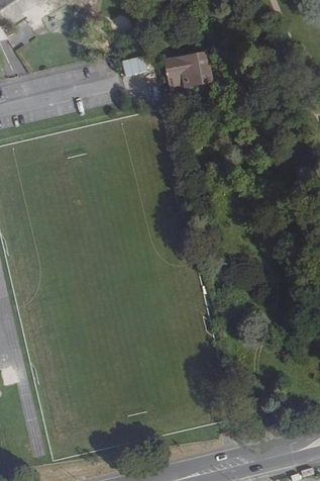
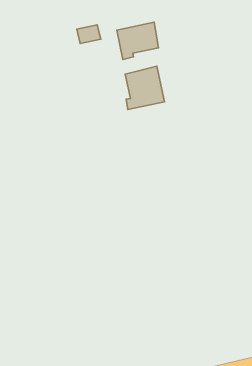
building: none -> [125,66,165,110]

